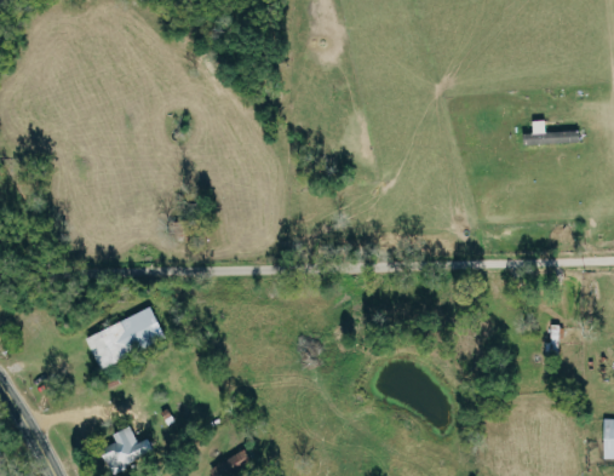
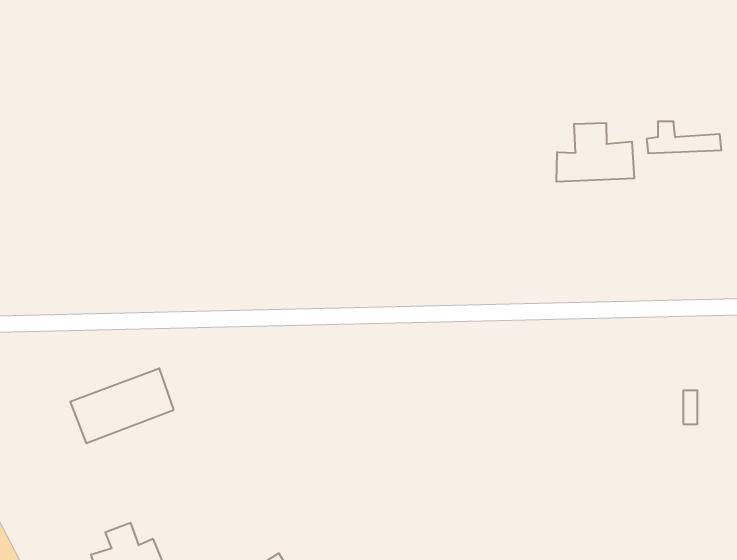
building: none -> [557,123,634,182]

